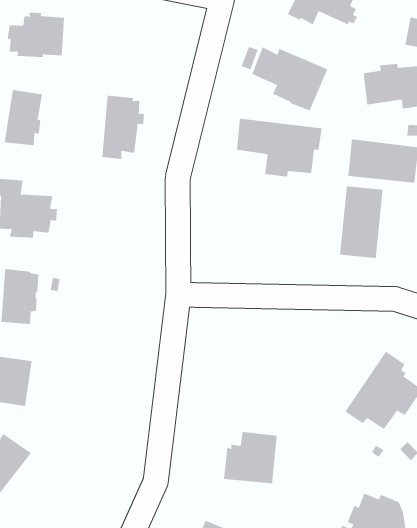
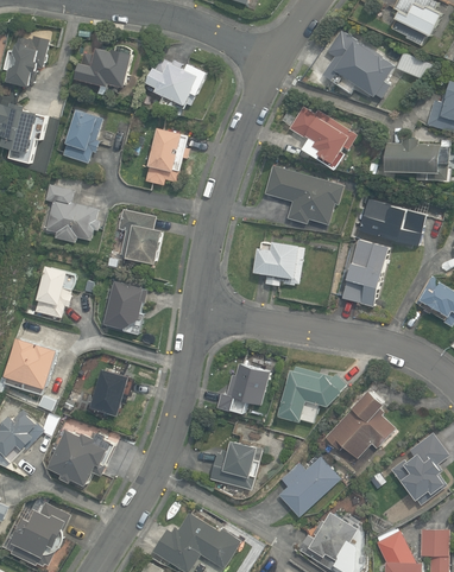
building: none -> [146,56,197,104]
building: none -> [116,208,163,262]
building: none -> [253,240,303,285]
building: none -> [103,280,144,333]
building: none -> [278,368,345,422]
building: none -> [216,362,269,411]
building: none -> [92,368,130,414]
building: none -> [277,456,340,516]
building: none -> [48,427,113,484]

